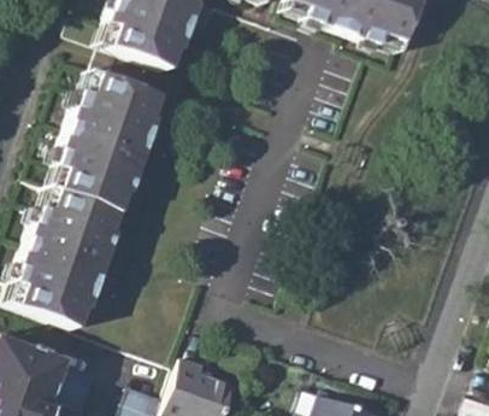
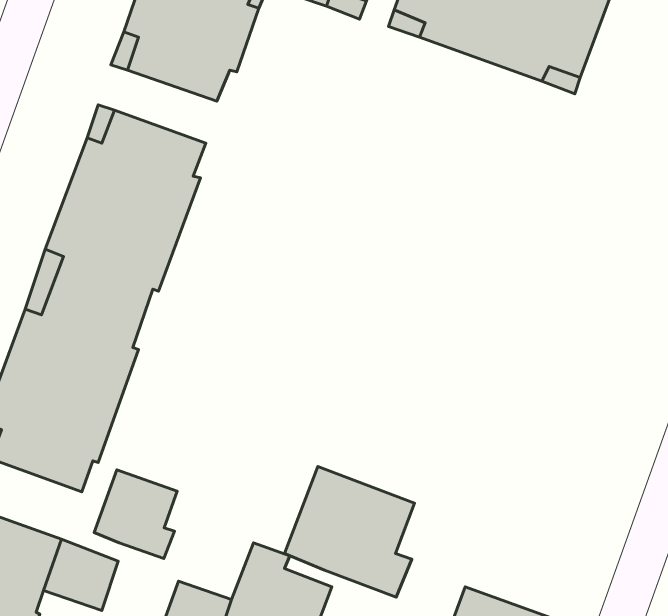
building: none -> [284,466,414,597]
building: none -> [94,470,177,558]

